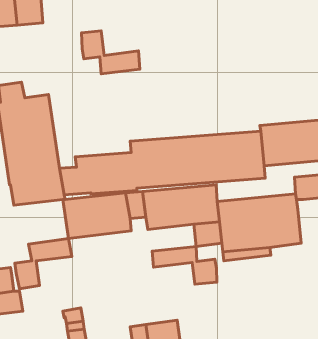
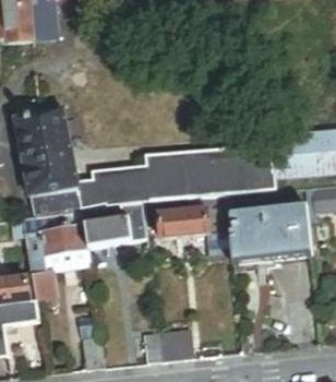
building: [81,31,140,74] -> none
building: none -> [23,211,84,273]
building: [152,246,217,284] -> none

